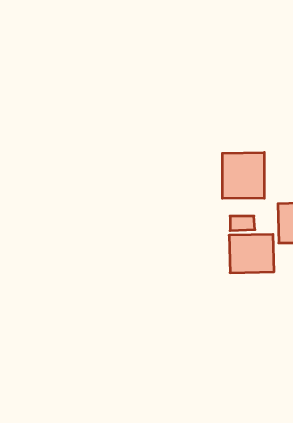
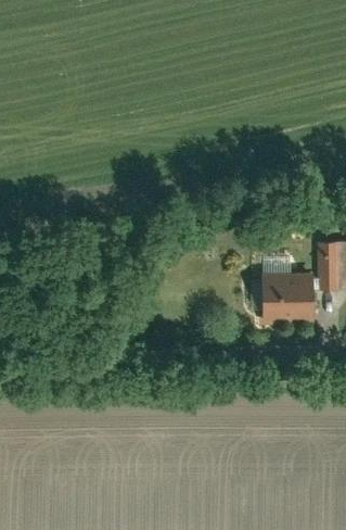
building: [222,152,264,198] -> none

